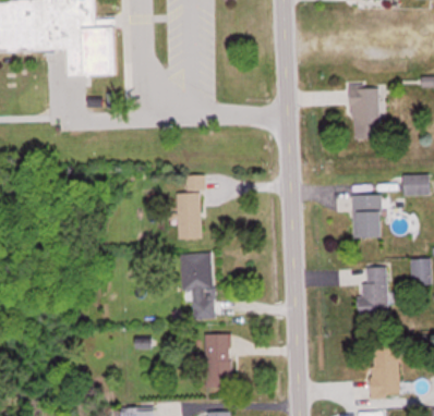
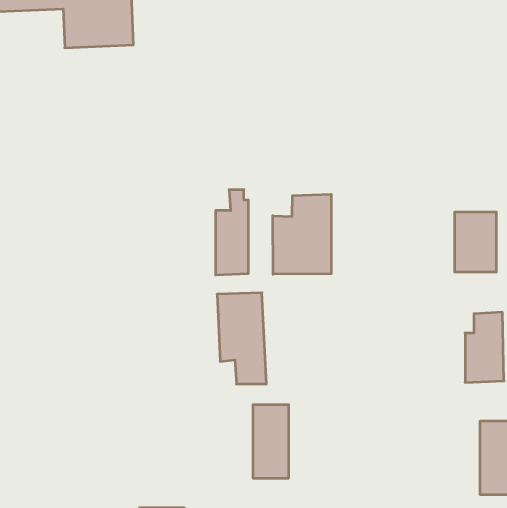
building: [351,83,378,138] -> none
building: none -> [273,194,331,274]

